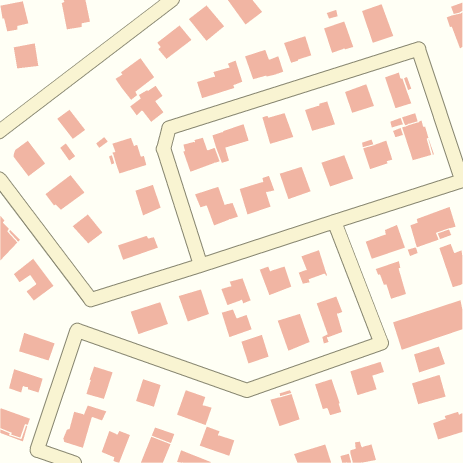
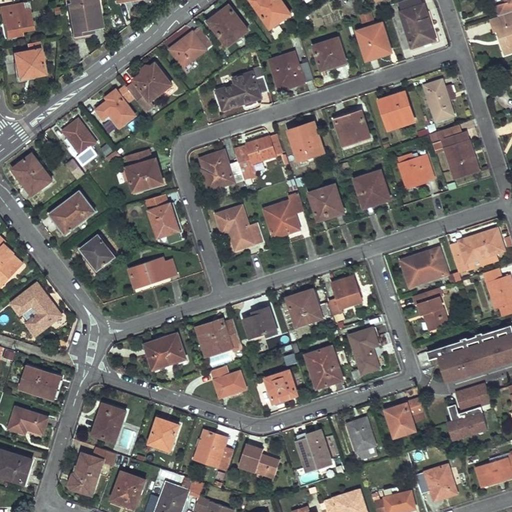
building: [129,85,164,123] -> [95,85,134,127]
building: [221,309,253,338] -> [210,365,245,397]
building: none -> [424,464,456,499]
building: [199,426,235,457] -> [239,443,279,477]

